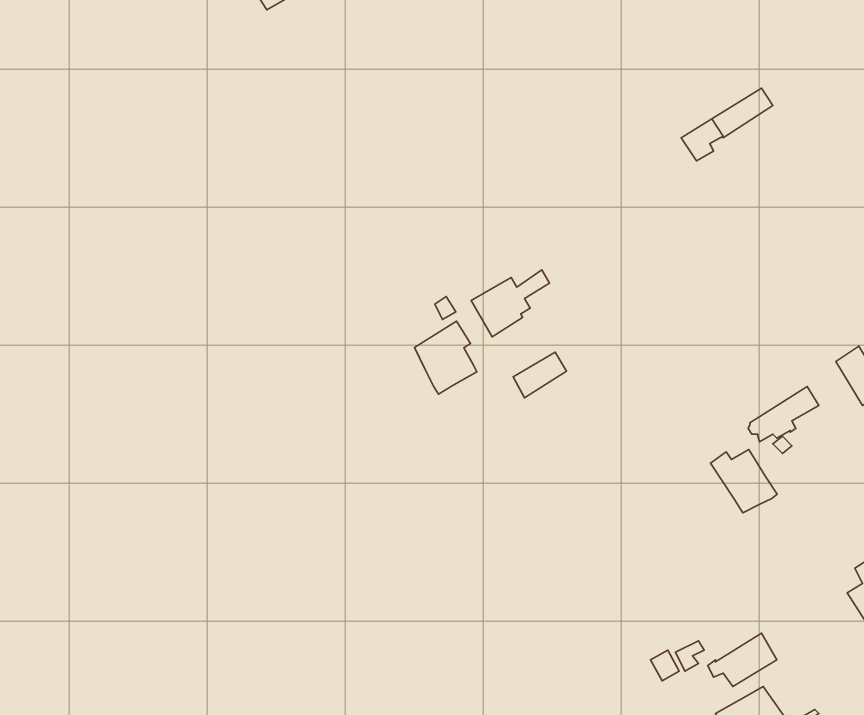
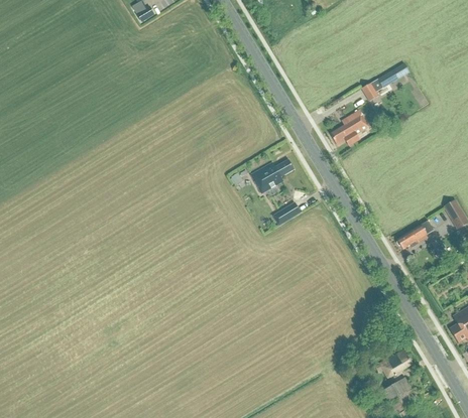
building: none -> [331,110,369,145]
building: [414,321,477,394] -> none
building: [710,450,777,513] -> none

